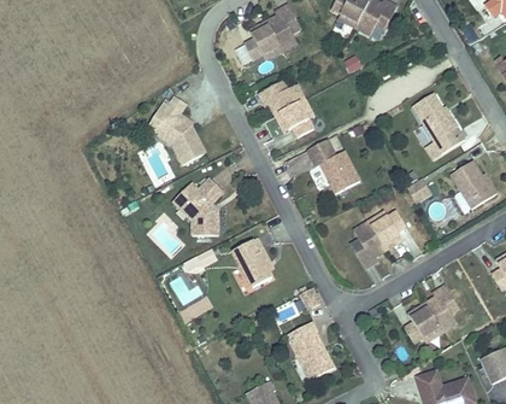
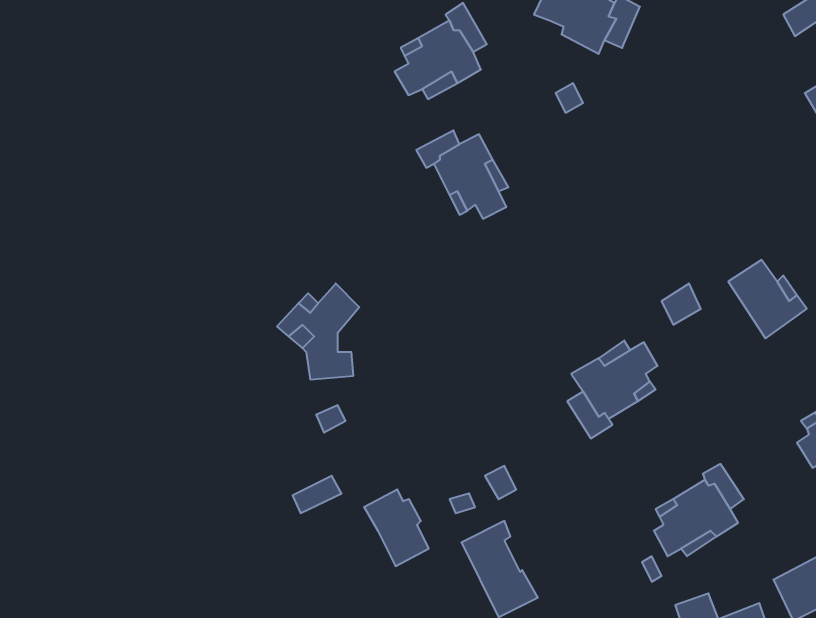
building: [413,96,460,152] -> none
building: [155,104,205,164] -> none
building: [311,137,361,191] -> none
building: [233,240,272,287] -> [364,489,429,566]

